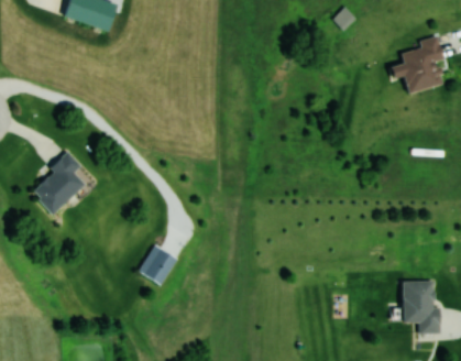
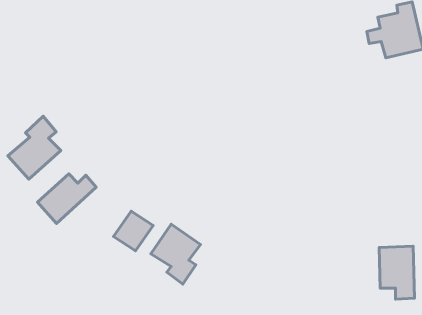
building: none -> [37,174,96,223]
building: none -> [151,224,201,284]

